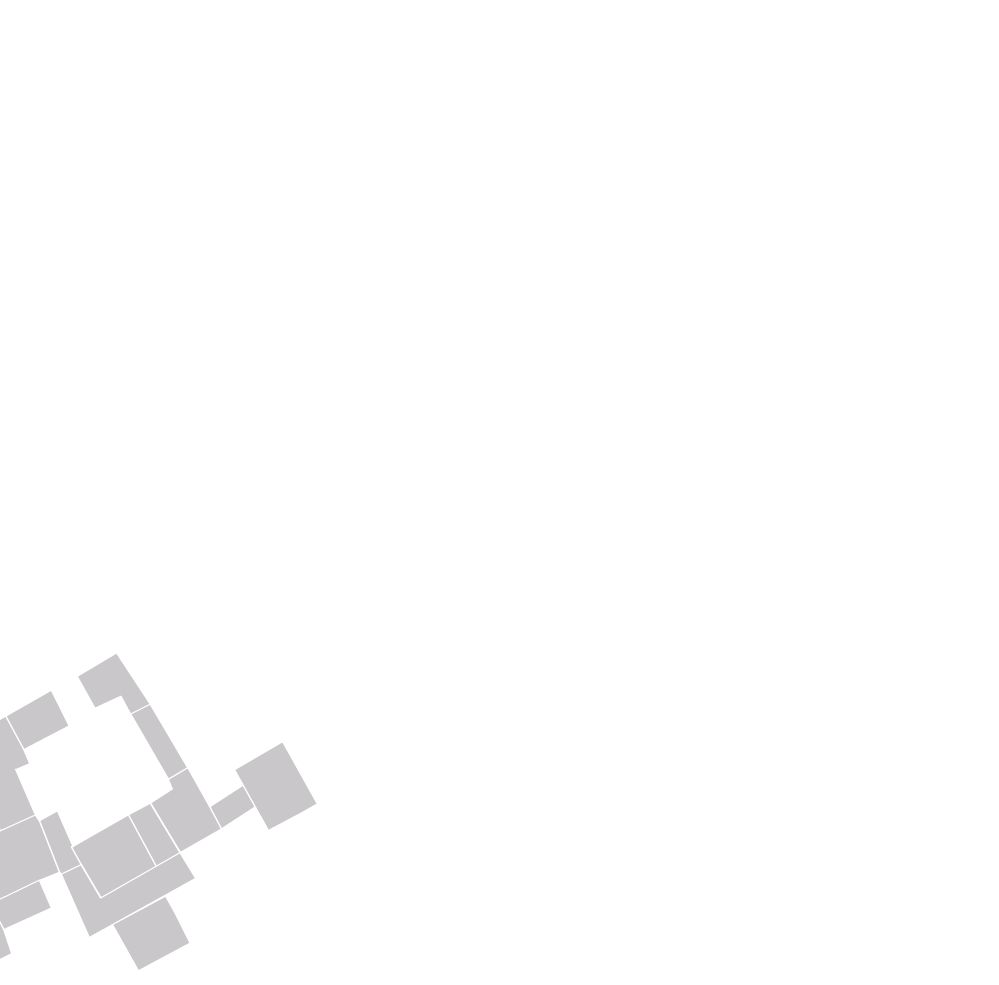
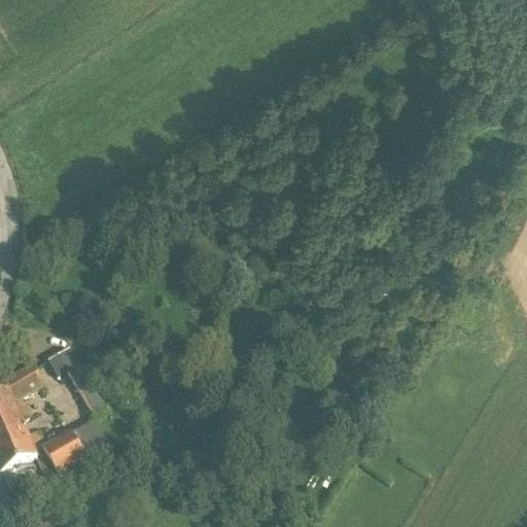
building: [235,741,318,831] -> none
building: [112,895,190,971] -> none

